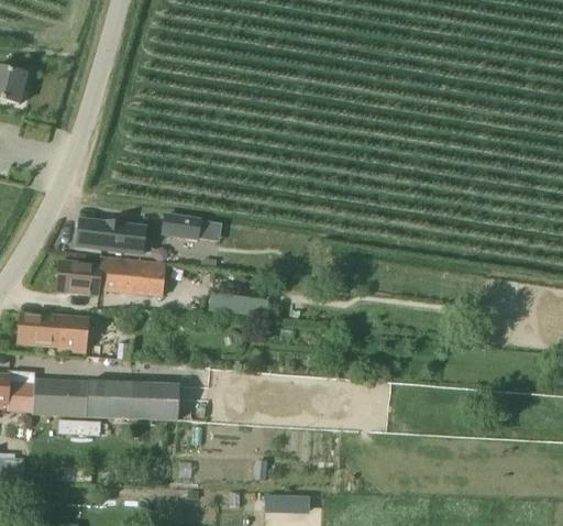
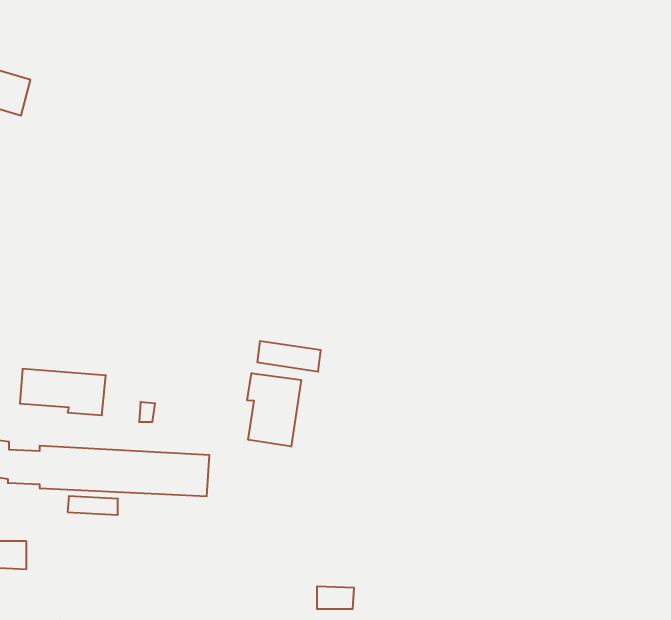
building: [162,212,221,240] -> none
building: [76,219,145,253] -> none
building: [56,255,165,296] -> none
building: none -> [247,373,301,447]

